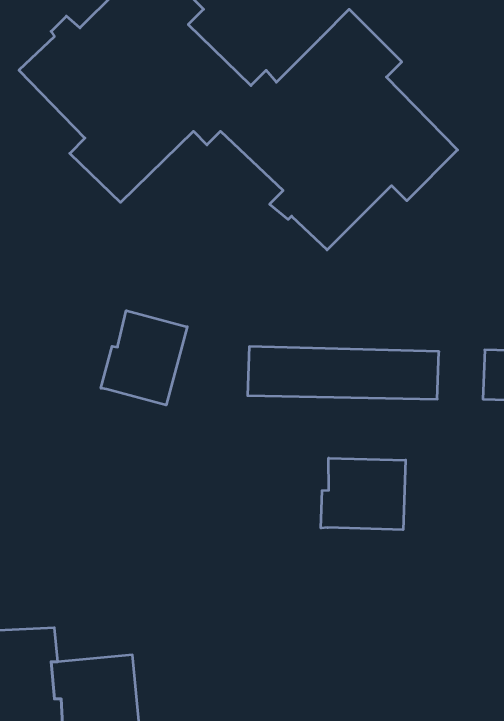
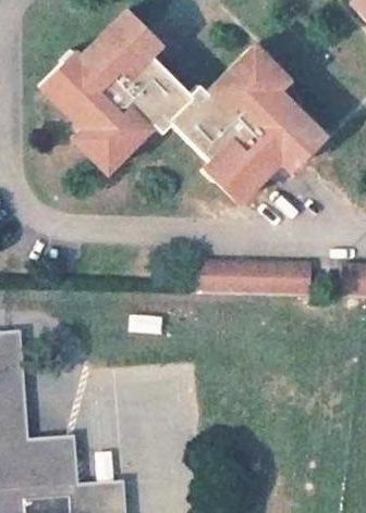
building: [101,311,187,405] -> none
building: [321,458,406,530] -> none

